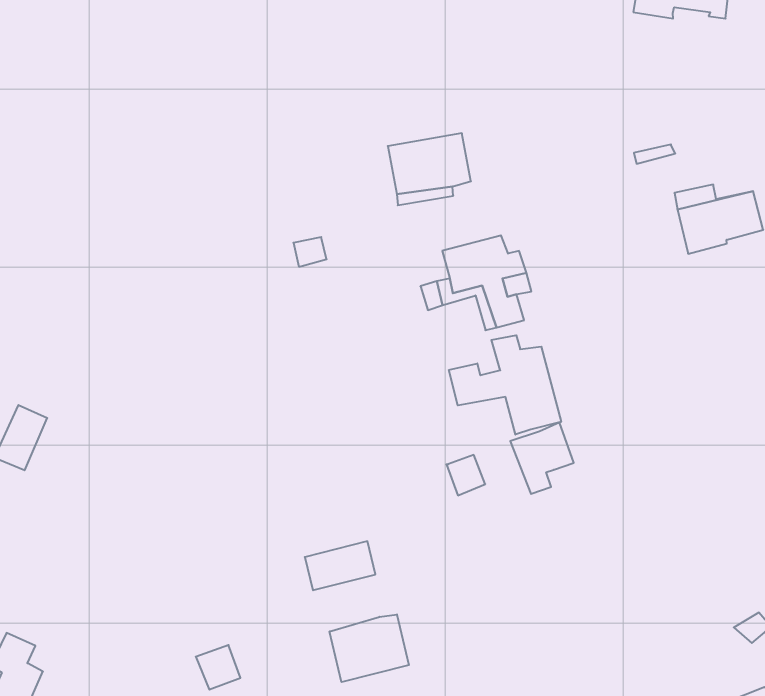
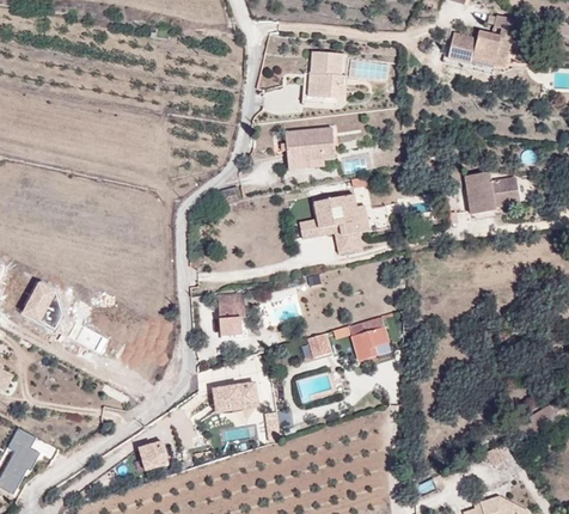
building: none -> [302,50,345,103]
building: [449,335,561,435] -> none
building: none -> [219,304,245,335]
building: [330,614,409,682] -> none

